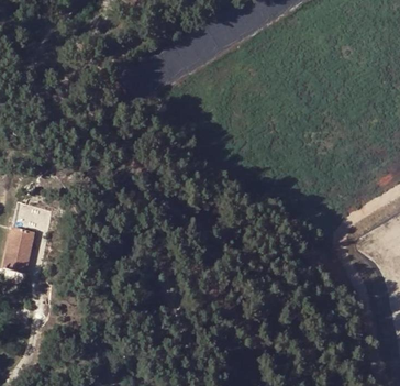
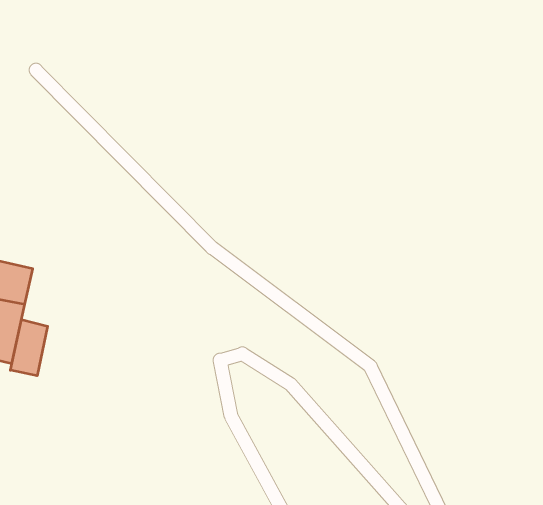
building: none -> [10,320,48,376]

